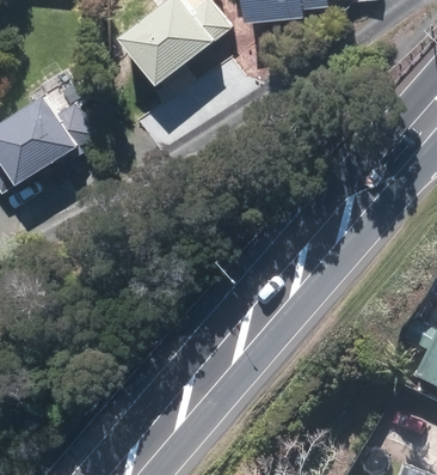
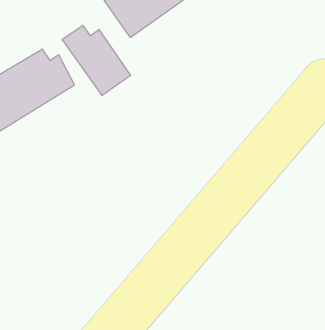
building: none -> [62,25,130,96]

